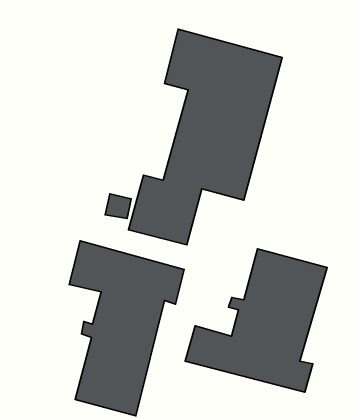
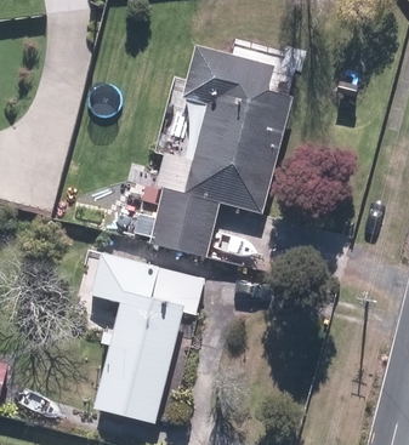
building: [185,249,327,392] -> none

